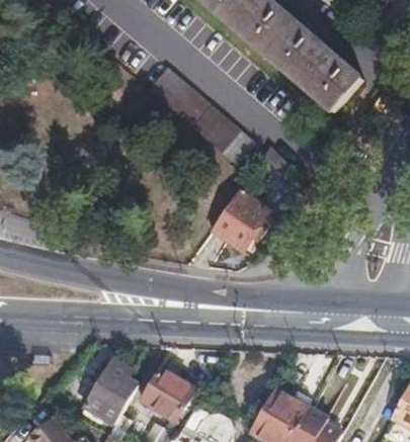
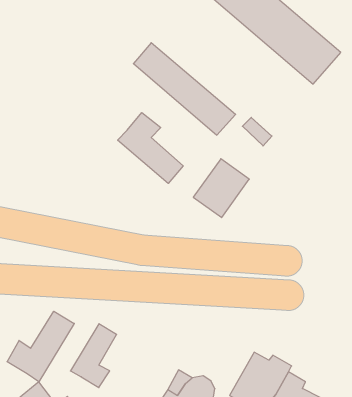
building: none -> [118,113,183,183]
building: none -> [7,311,74,382]
building: [142,368,194,420] -> none

